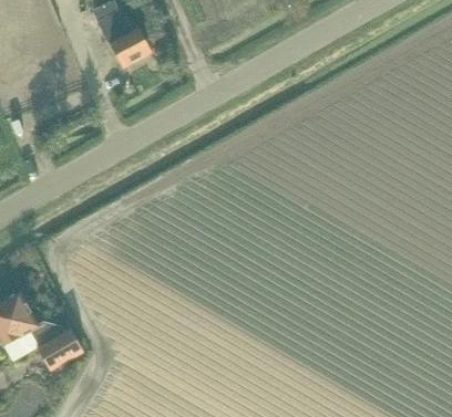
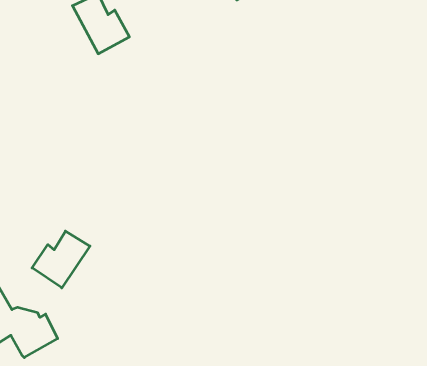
building: none -> [32,231,90,288]

